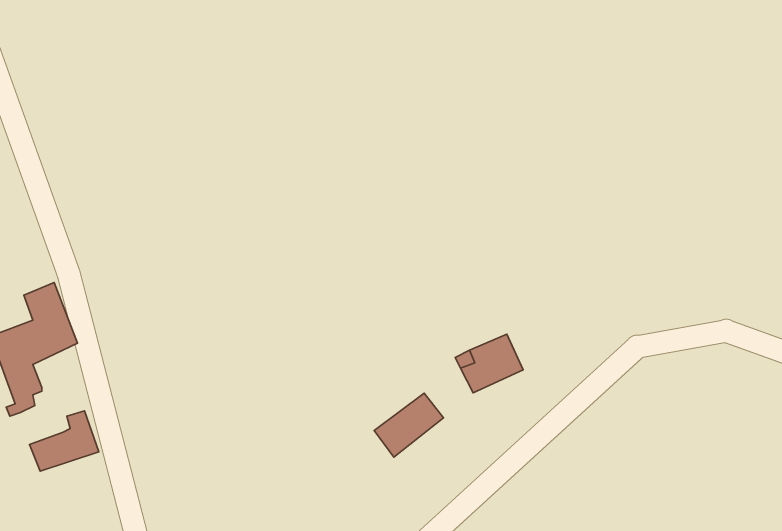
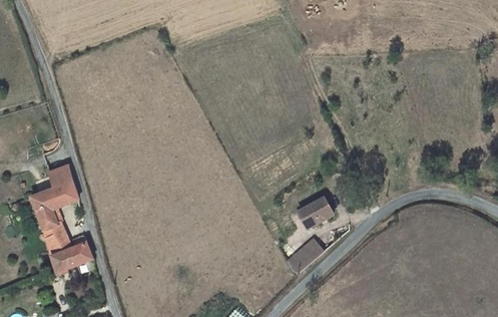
building: none -> [47,223,71,257]
building: [374,393,444,457] -> [284,238,323,274]

